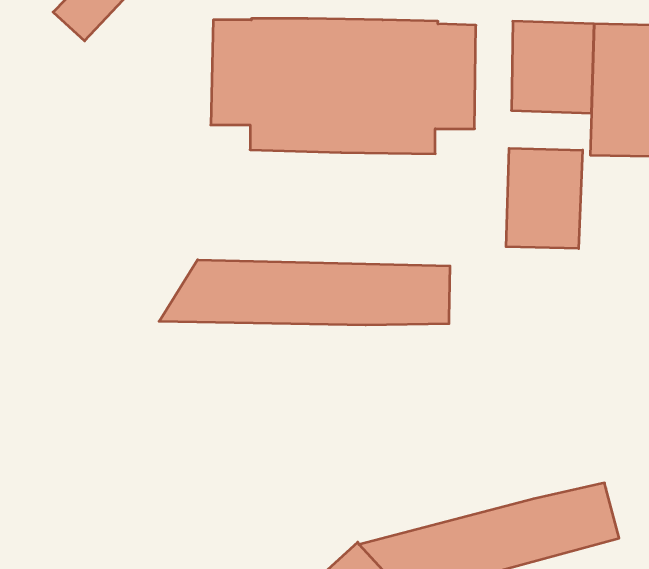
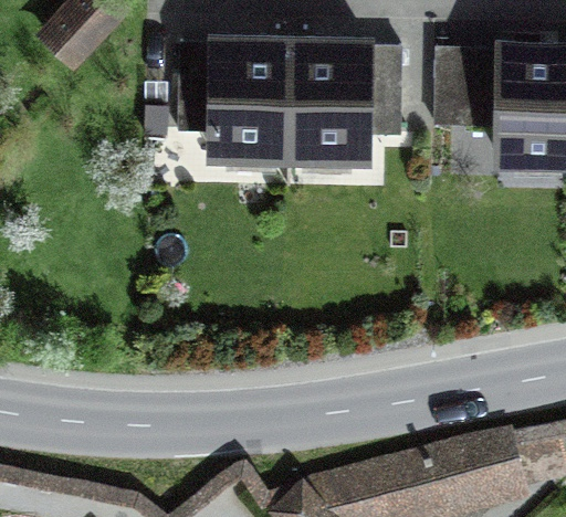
building: [506,148,583,249] -> none
building: [159,260,450,325] -> none

